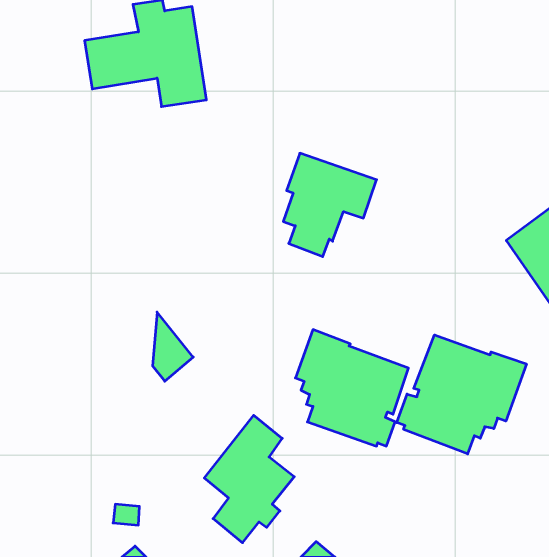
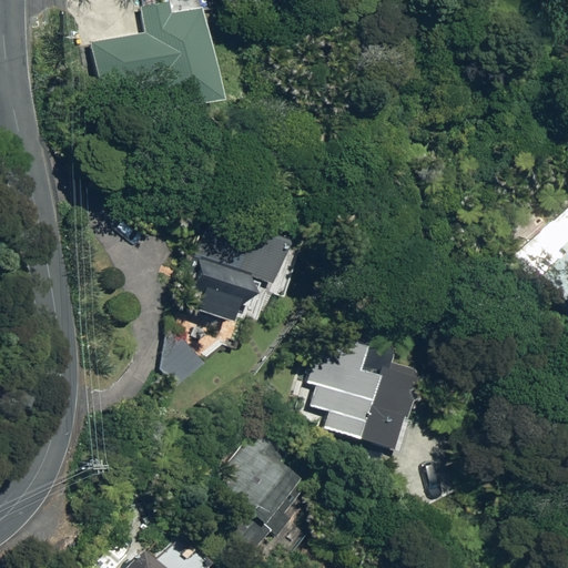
building: [283,153,377,257] -> [191,217,285,322]
building: [397,335,526,454] -> none

